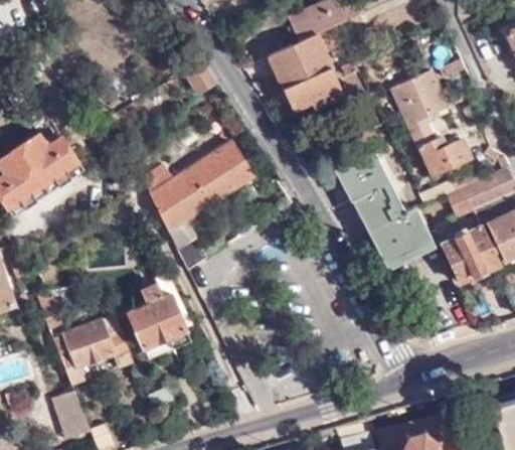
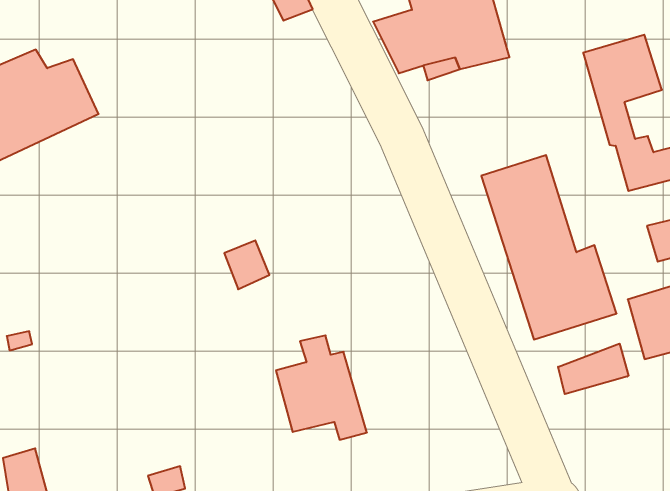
building: [143,142,252,245] -> none
building: none -> [558,344,629,394]
building: [128,282,192,348] -> [276,335,367,440]
building: [51,315,134,385] -> none

